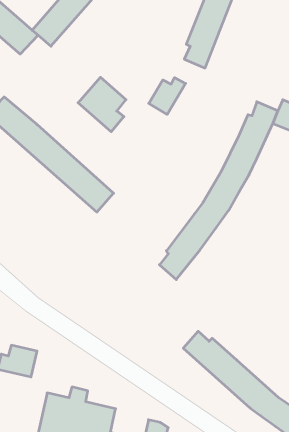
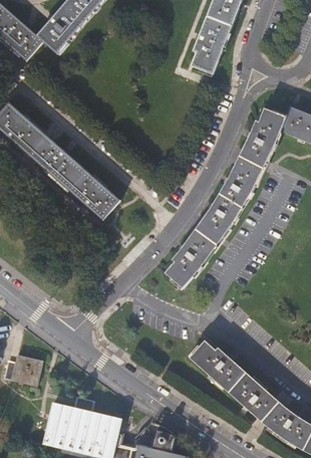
building: [78,77,126,132] -> none
building: [149,78,186,114] -> none

